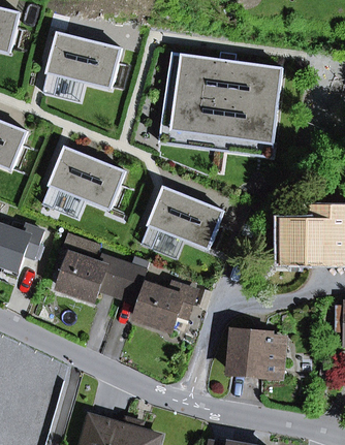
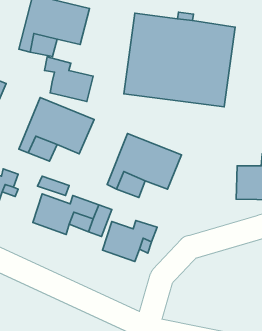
building: none -> [45,57,93,101]
building: [228,330,281,375] -> none

